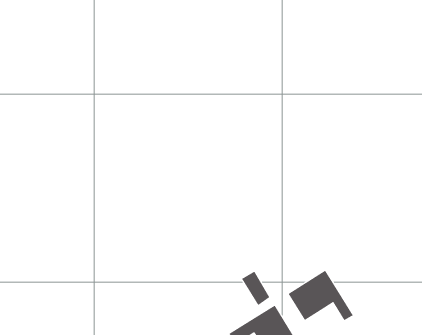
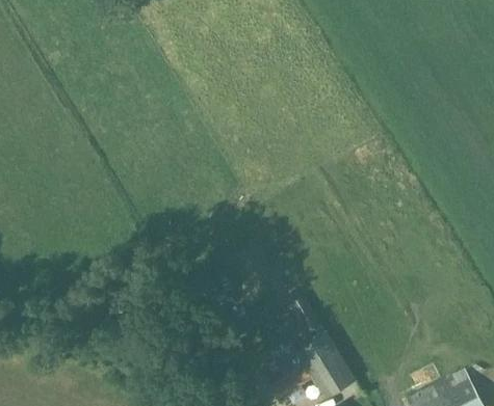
building: [288,270,353,321] -> none

